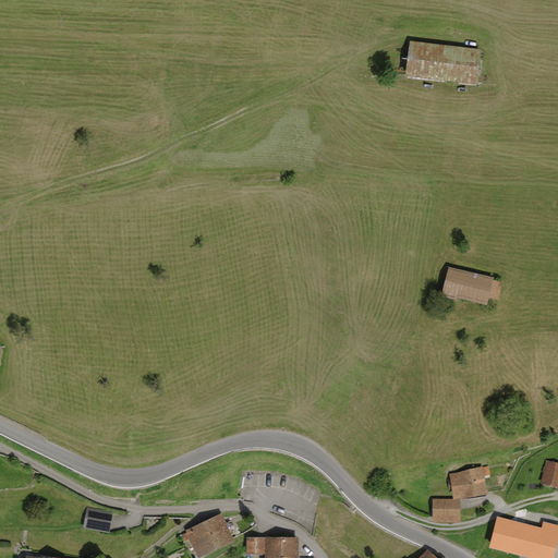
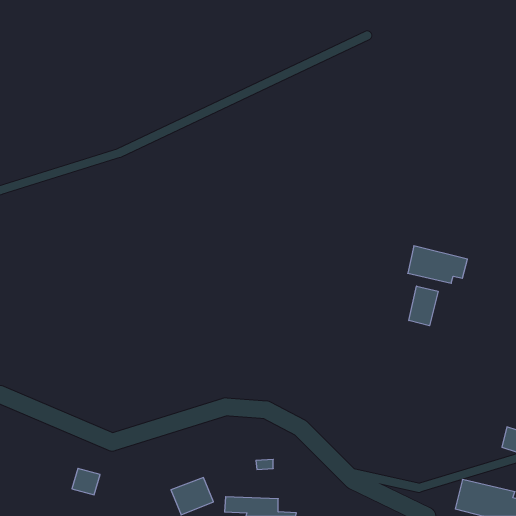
building: [401,41,481,84] -> none
building: none -> [409,286,438,326]
building: [435,466,488,522] -> none

